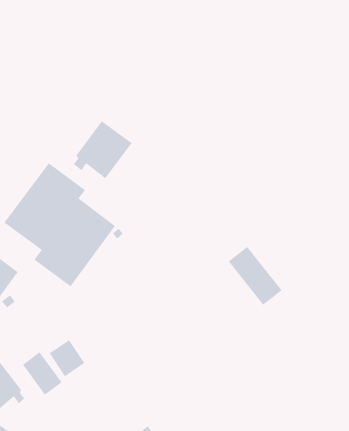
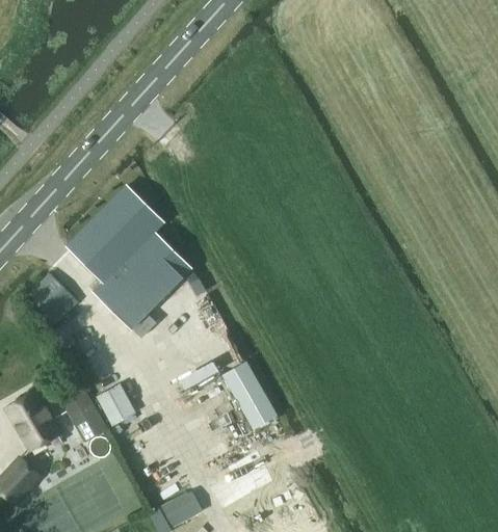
building: [73,120,133,179] -> none
building: [228,246,282,305] -> [220,361,276,428]

